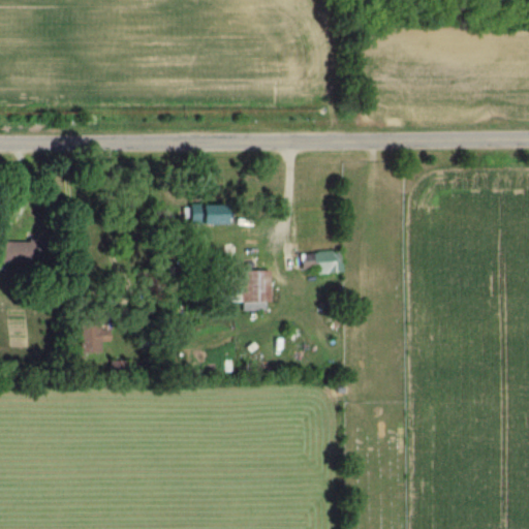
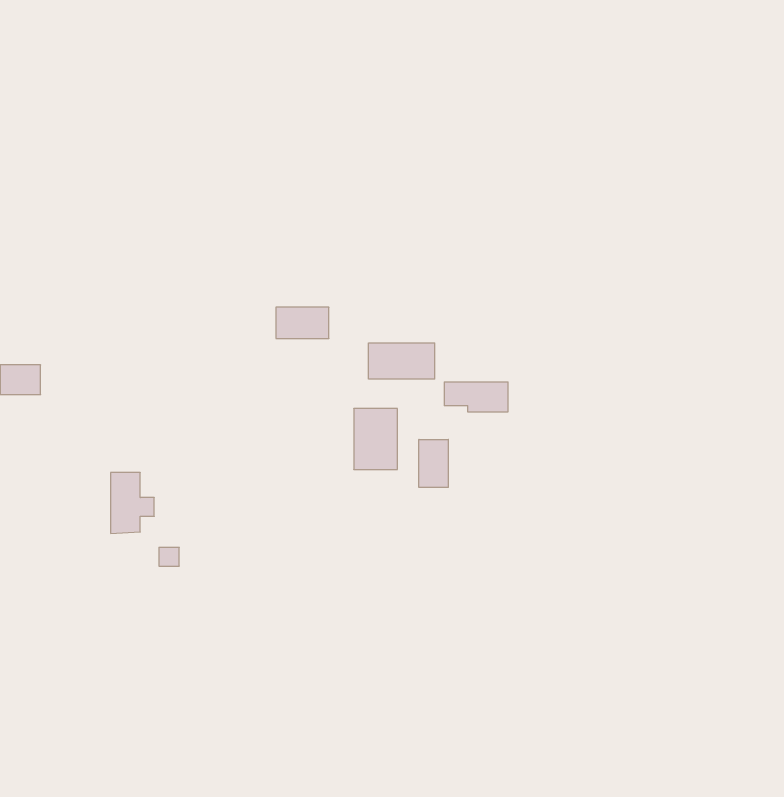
building: none -> [369,343,435,379]
building: none -> [419,439,448,487]

